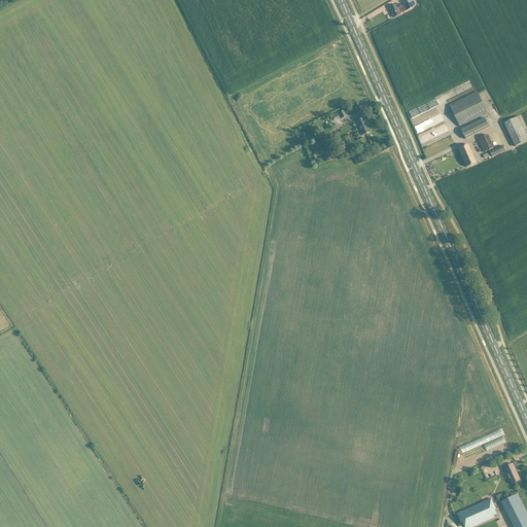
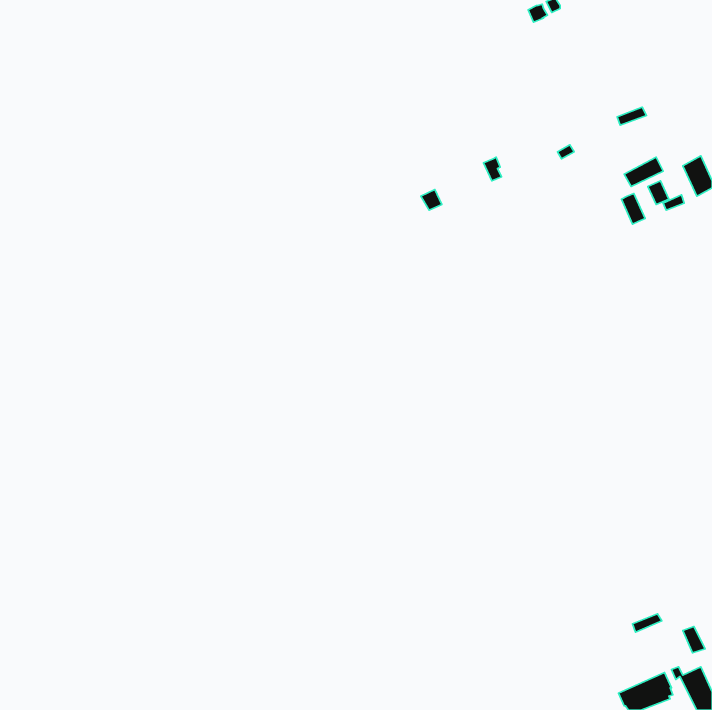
building: [450,92,488,126] -> none

